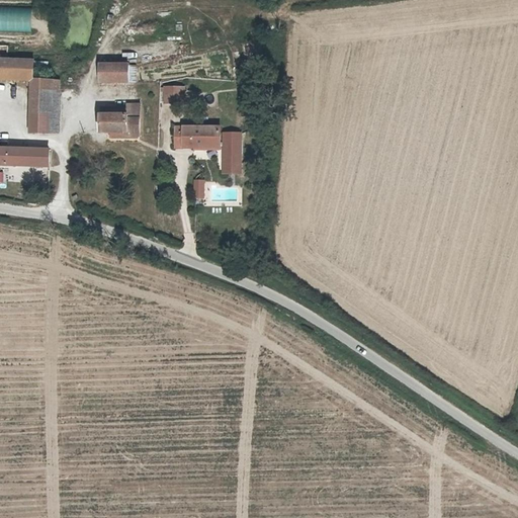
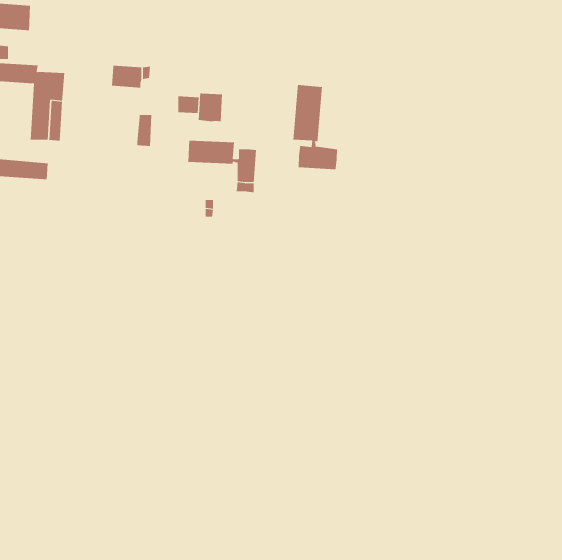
building: none -> [293,84,337,170]
building: none -> [198,92,222,122]
building: [99,106,127,131] -> none

